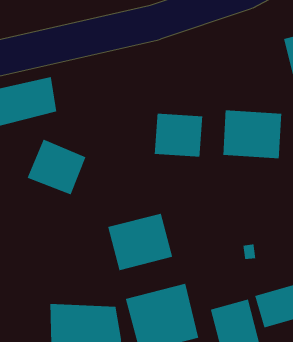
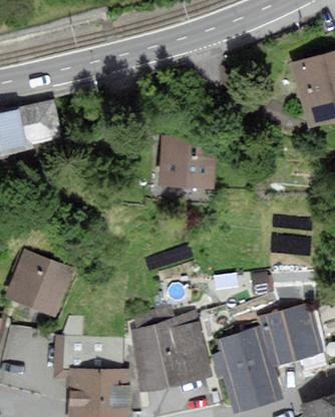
building: [222,110,282,159] -> none
building: [27,138,86,195] -> [8,253,70,312]
building: [107,213,173,271] -> none

